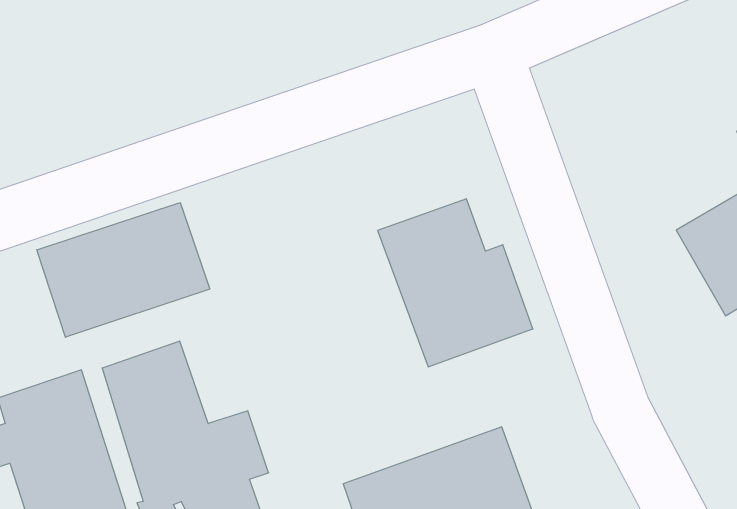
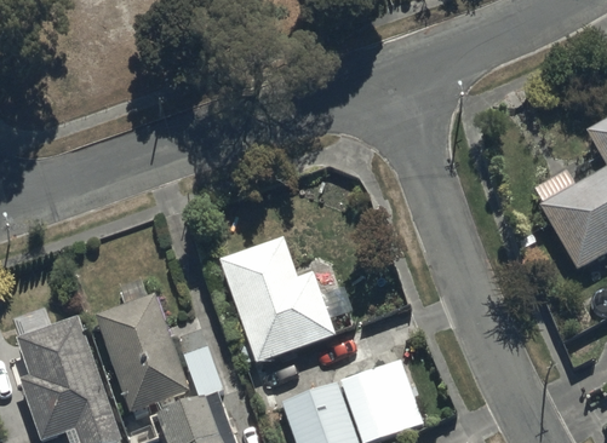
building: [378,199,533,367] -> [218,235,337,363]
building: [37,203,210,337] -> none

